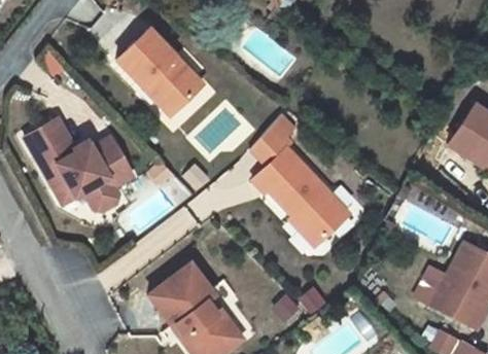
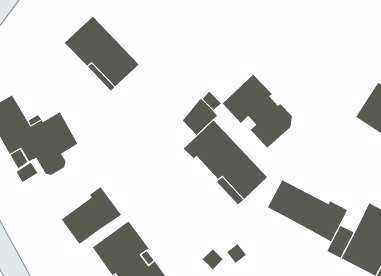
building: none -> [222,74,293,148]
building: none -> [267,179,348,242]
building: none -> [61,186,122,245]

